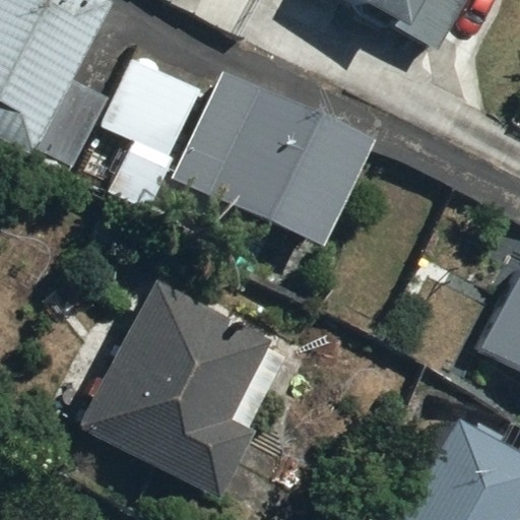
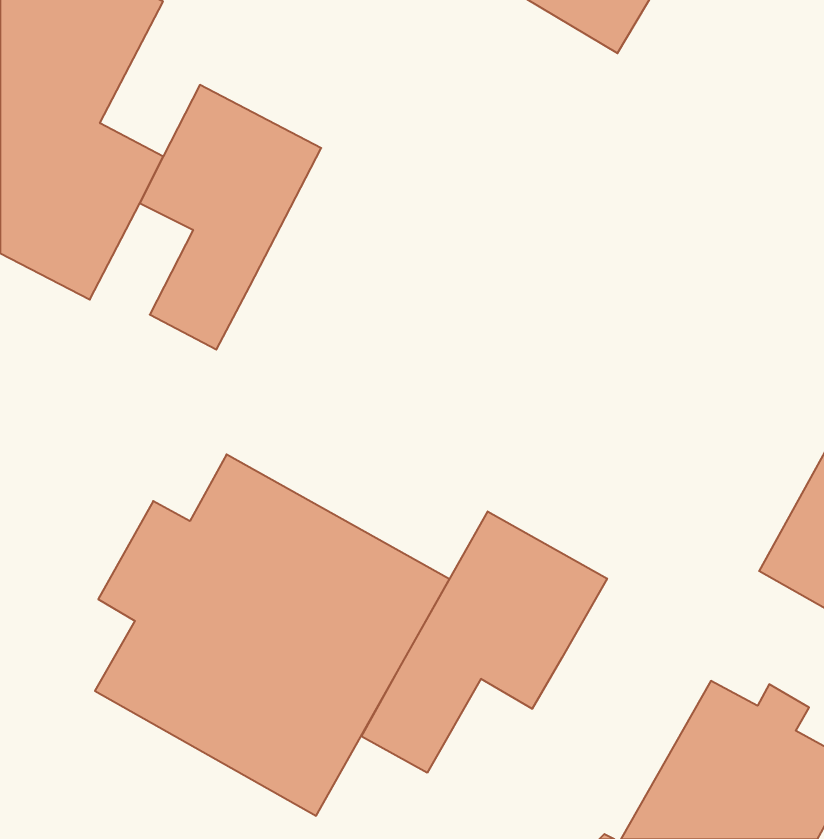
building: [169,67,372,251] -> none
building: none -> [361,511,607,773]

